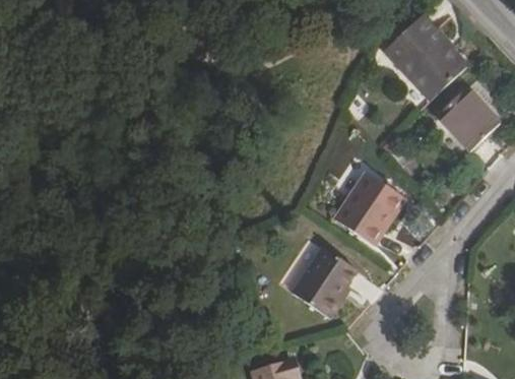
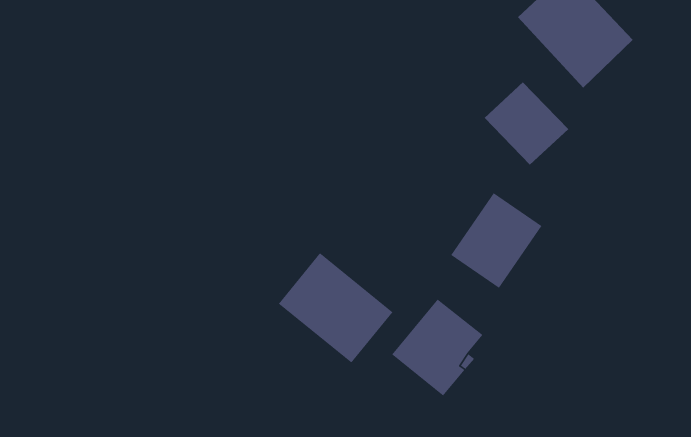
building: [437,85,499,146] -> [484,82,569,165]
building: none -> [278,252,394,364]

